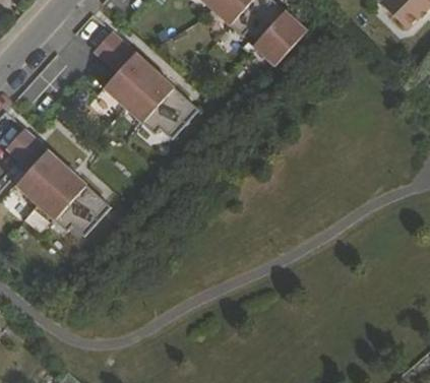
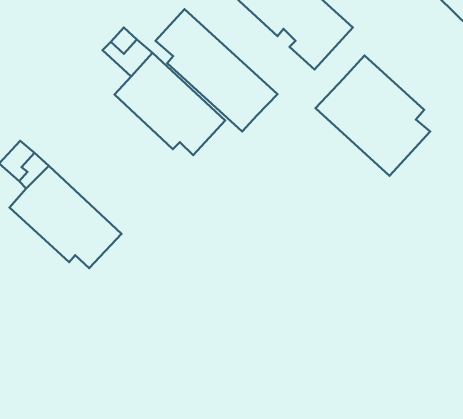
building: none -> [155,9,278,132]
building: none -> [315,55,430,176]

